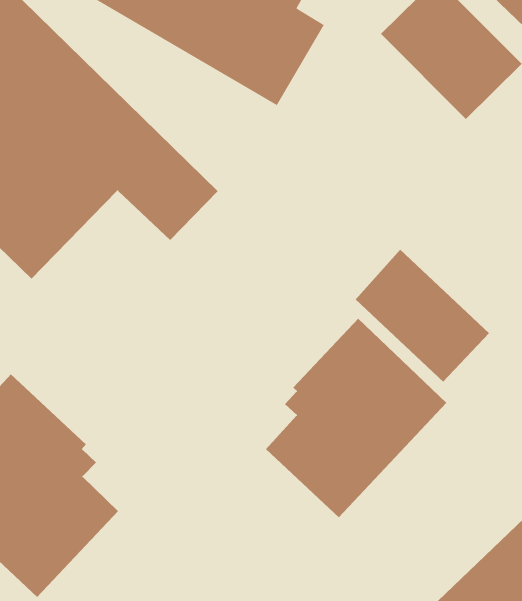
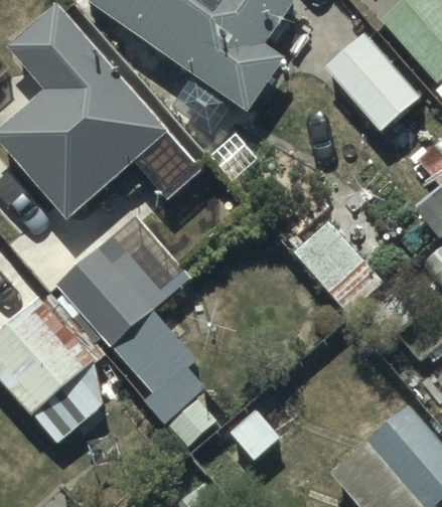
building: none -> [55,248,217,447]
building: [265,318,447,518] -> none

